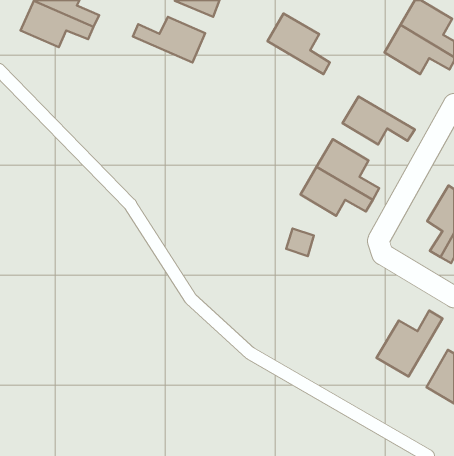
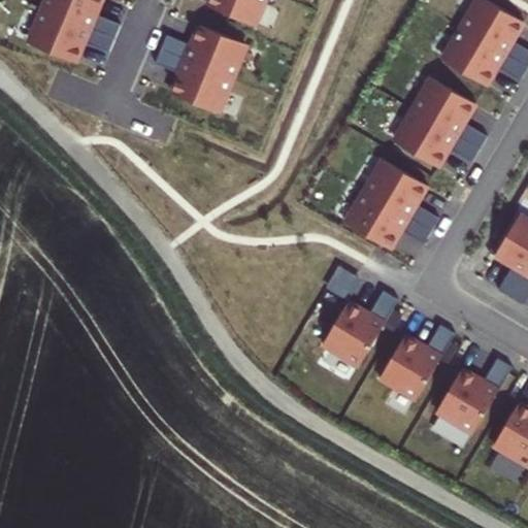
building: [267,14,330,74] -> [415,79,487,150]
building: none -> [147,42,223,106]
building: none -> [322,292,398,367]
building: none -> [378,325,455,401]

